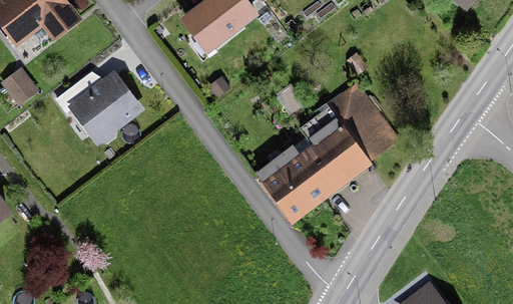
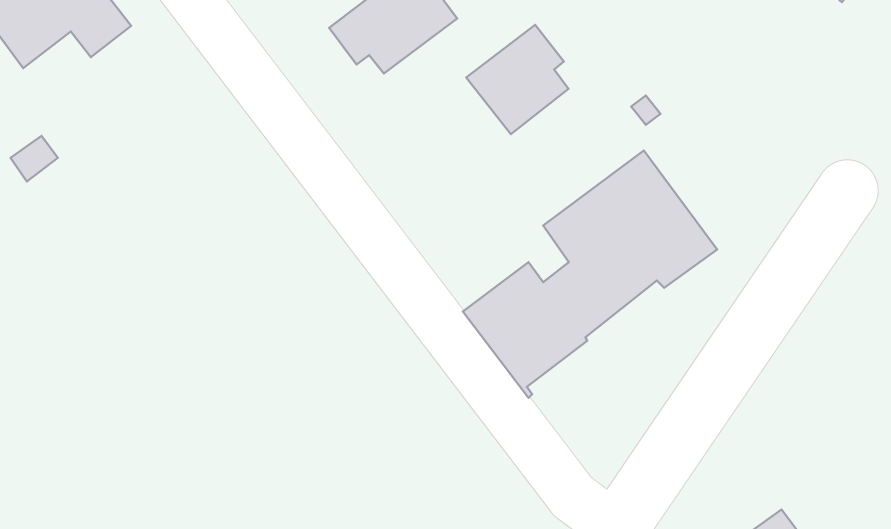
building: none -> [466,25,569,134]
building: [56,76,137,139] -> none

